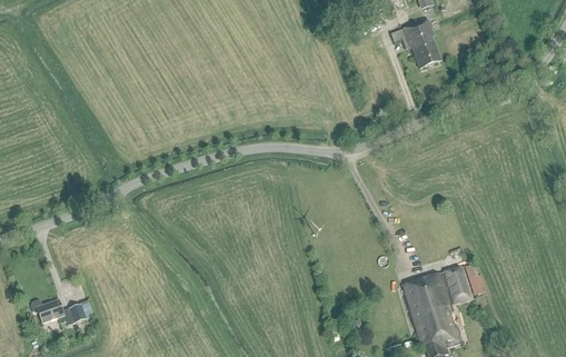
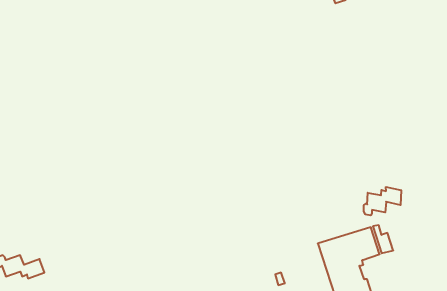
building: [390,19,441,67] -> none
building: none -> [364,187,401,215]

